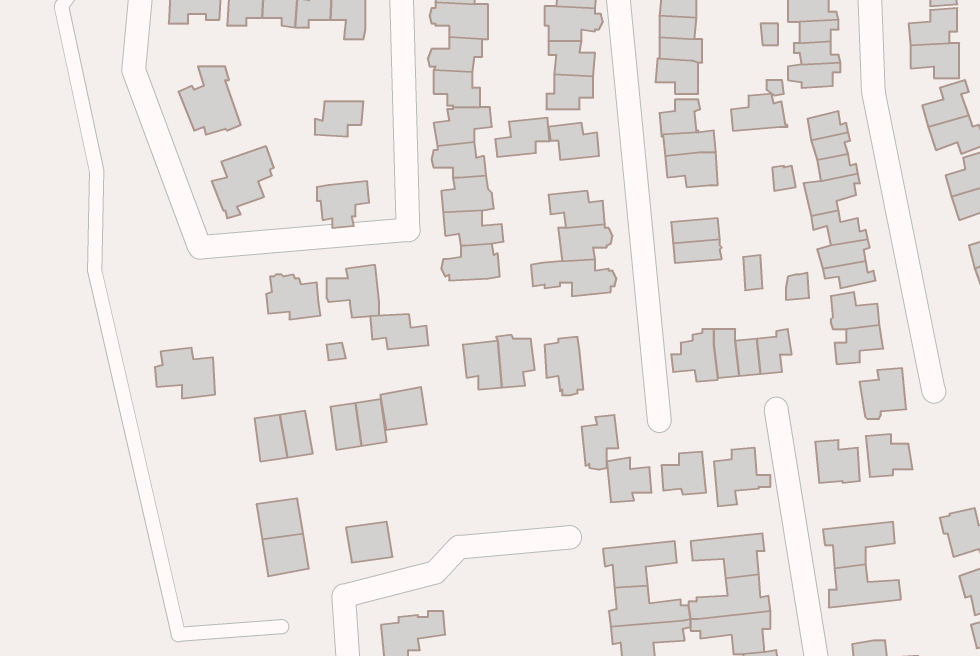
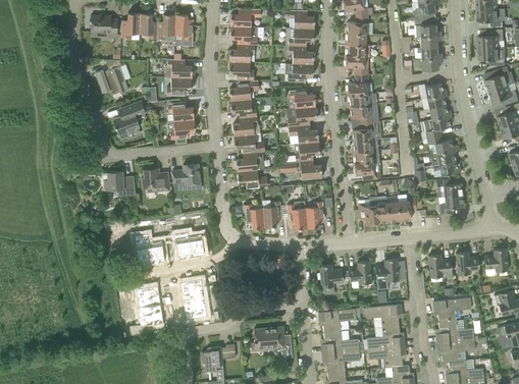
building: none -> [168,59,196,77]
building: [731,94,787,131] -> [353,121,382,141]
building: [495,118,550,157] -> [289,106,317,126]
building: none -> [168,102,197,121]
building: none -> [355,160,381,180]
building: [370,314,429,349] -> [238,170,268,188]
building: [155,348,215,398] -> [104,170,136,197]
building: [859,368,906,419] -> [484,249,509,275]
building: [380,387,427,430] -> [180,278,205,300]
building: [582,415,618,470] -> [306,202,325,230]
building: none -> [252,326,290,358]
building: none -> [436,338,475,363]

